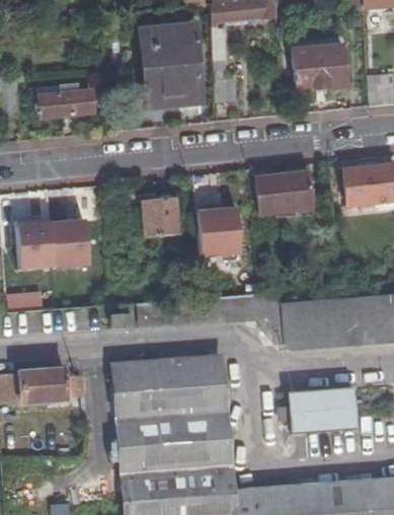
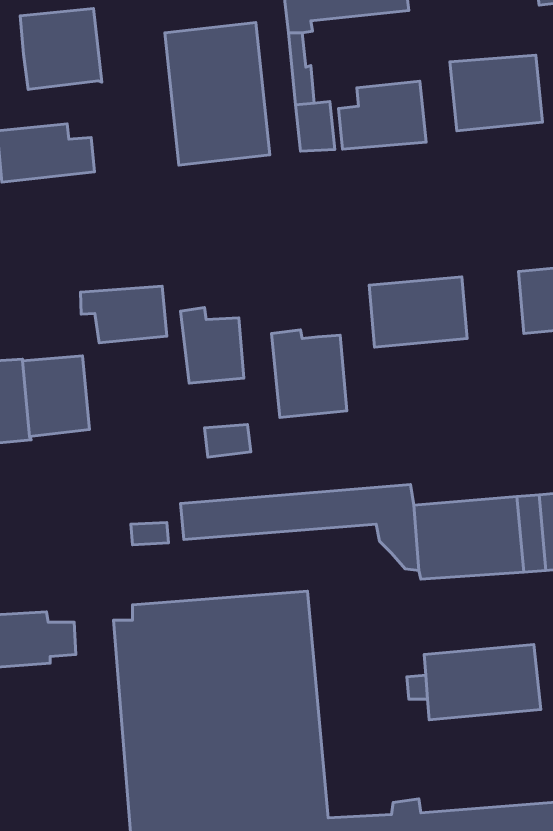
building: none -> [20,9,102,89]
building: none -> [339,81,426,149]
building: none -> [80,286,167,343]

